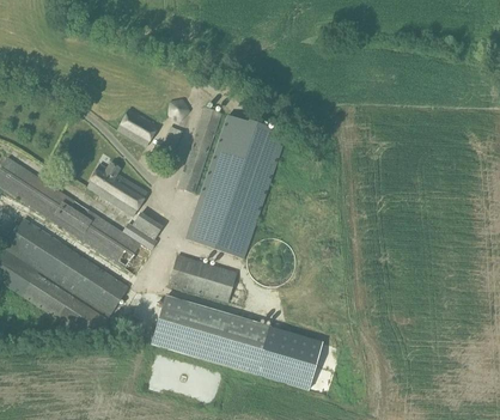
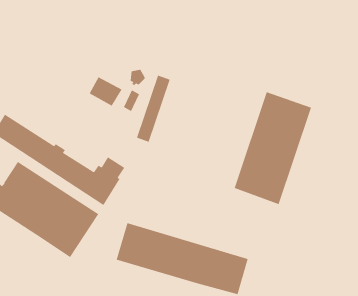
building: [185,115,286,261] -> [234,92,312,205]
building: [87,162,147,215] -> none
building: [167,252,237,302] -> none

